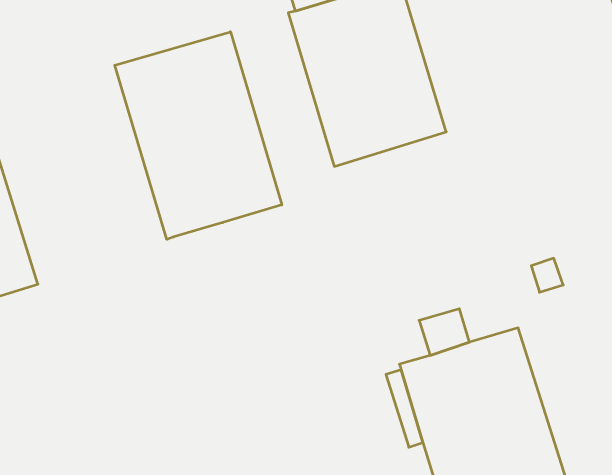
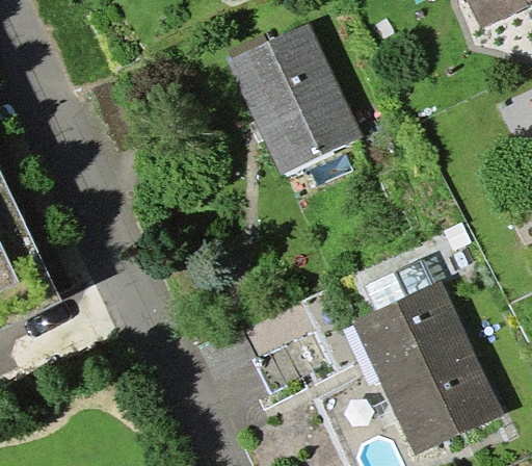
building: [115,32,282,239] -> none

